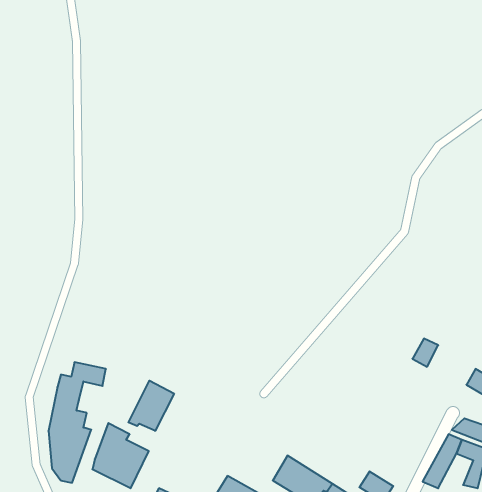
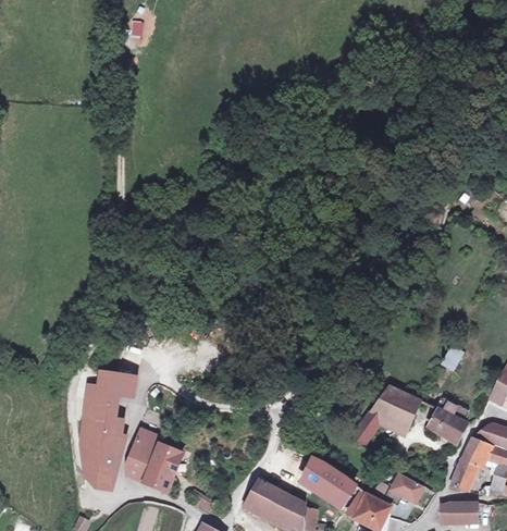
building: none -> [353,385,423,443]
building: [128,381,174,431] -> none
building: none -> [424,399,465,445]

